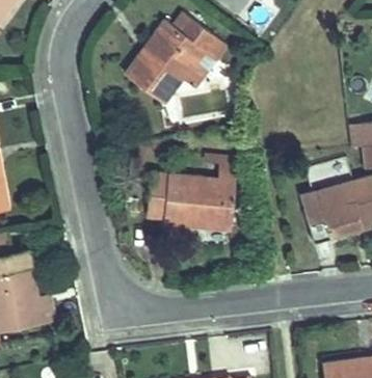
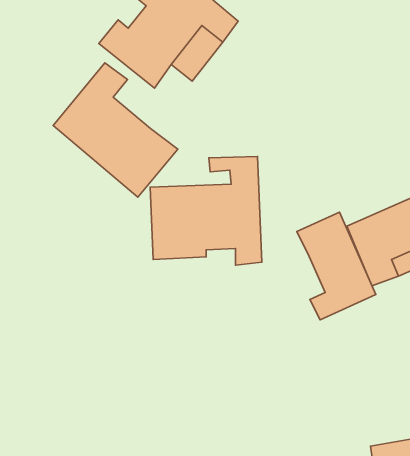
building: none -> [53,63,178,197]
building: none -> [297,212,376,320]

